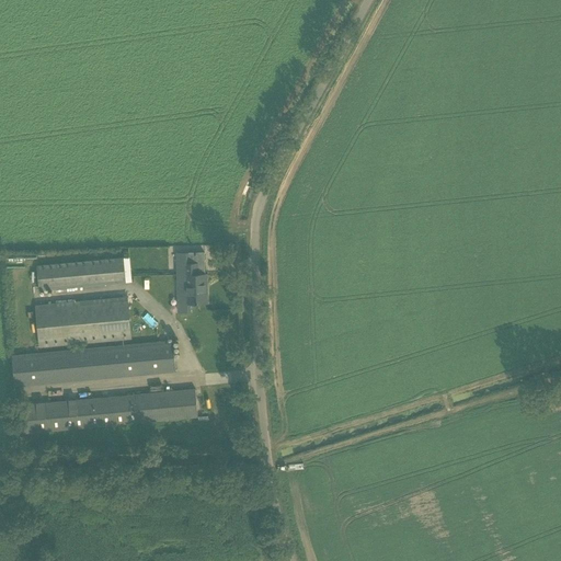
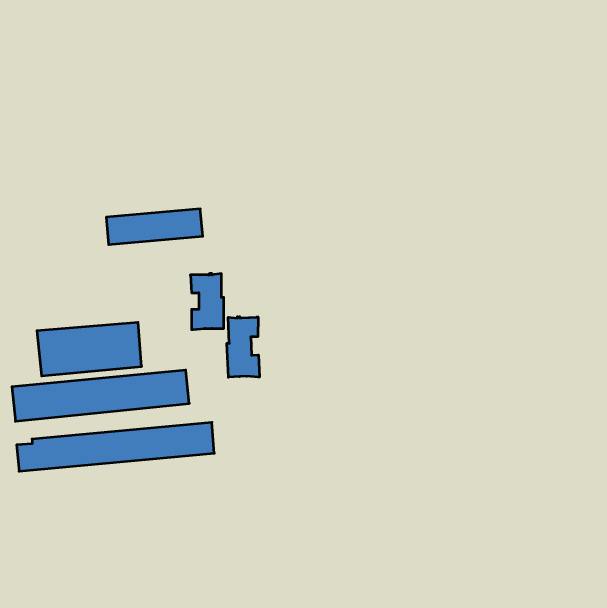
building: [36,257,125,290] -> [106,209,203,245]
building: none -> [227,317,259,377]

